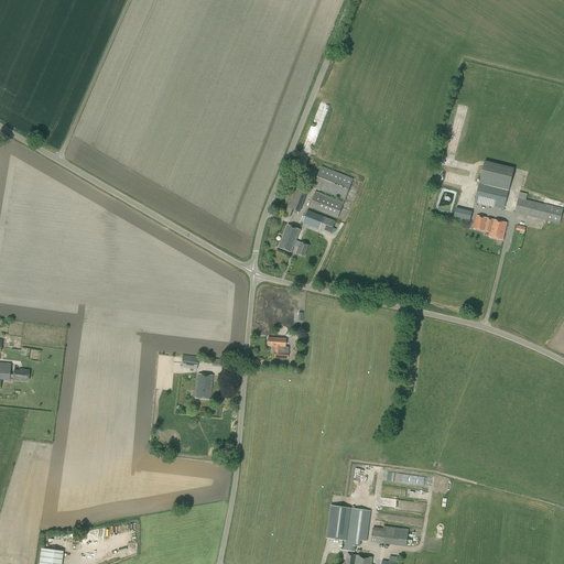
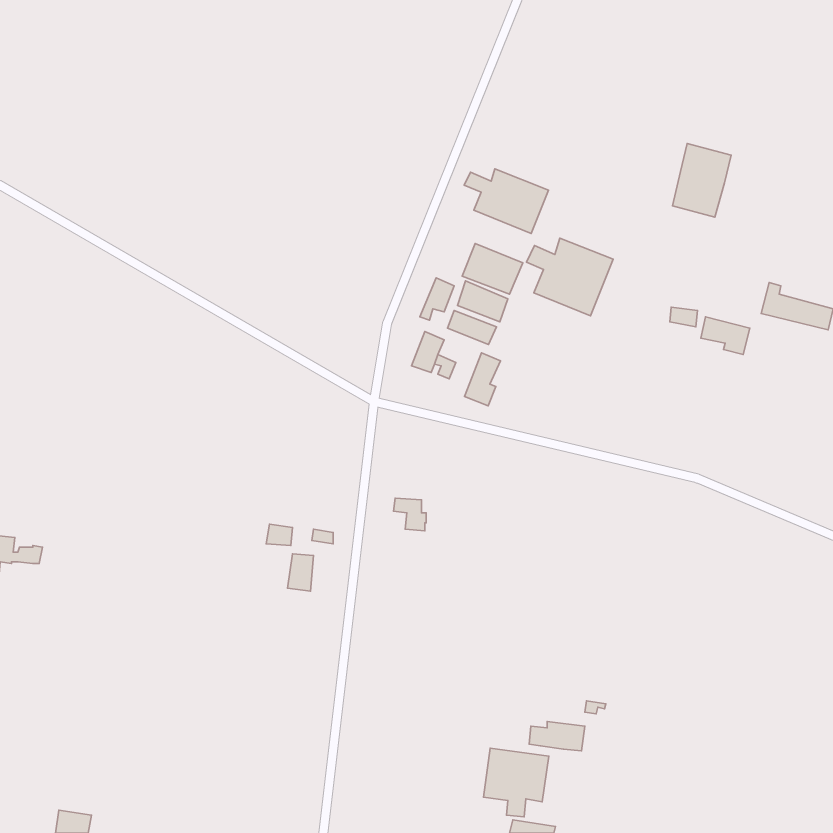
building: none -> [464,169,549,233]
building: [474,160,513,209] -> [672,144,731,217]
building: none -> [527,238,613,316]
building: none -> [465,353,500,406]
building: [370,525,408,545] -> [529,721,585,751]

